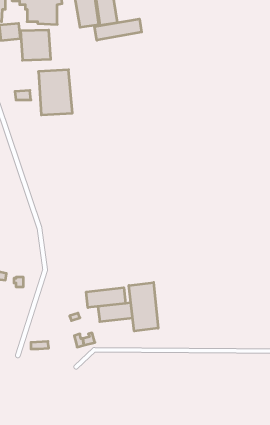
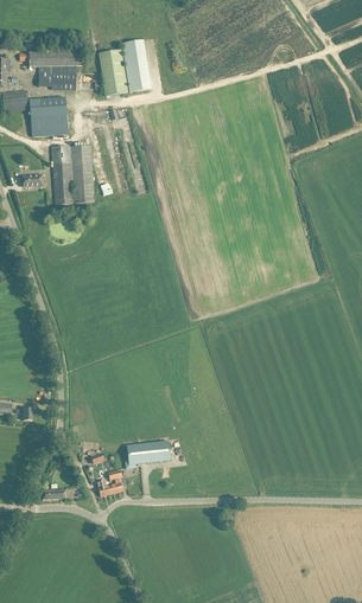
building: [94,19,142,40] -> none
building: [129,282,158,331] -> none
building: [86,288,125,308] -> none

